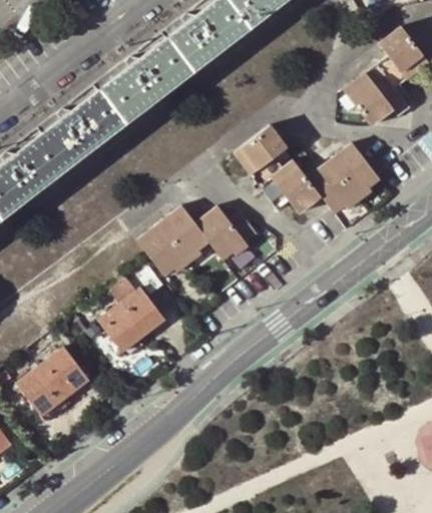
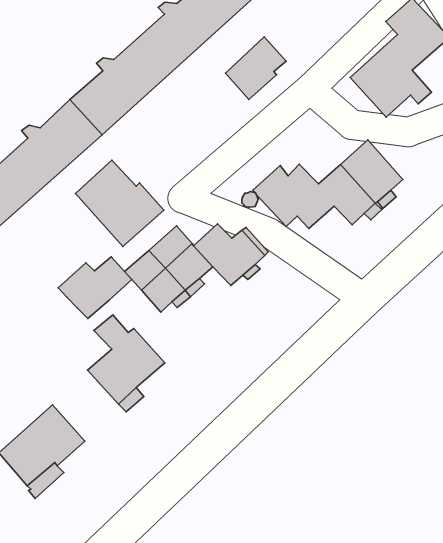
building: [234,126,286,178] -> [226,37,286,100]
building: none -> [75,160,164,247]
building: none -> [58,257,132,319]

